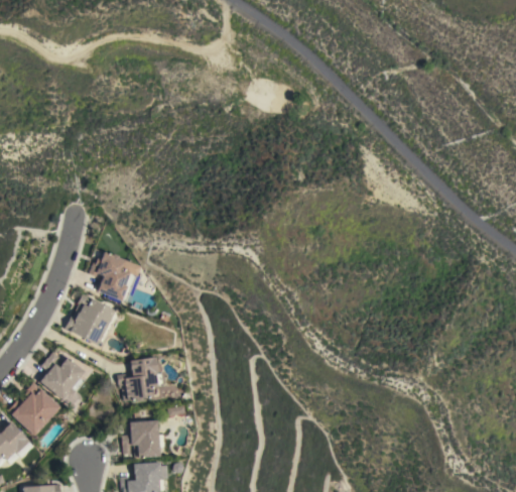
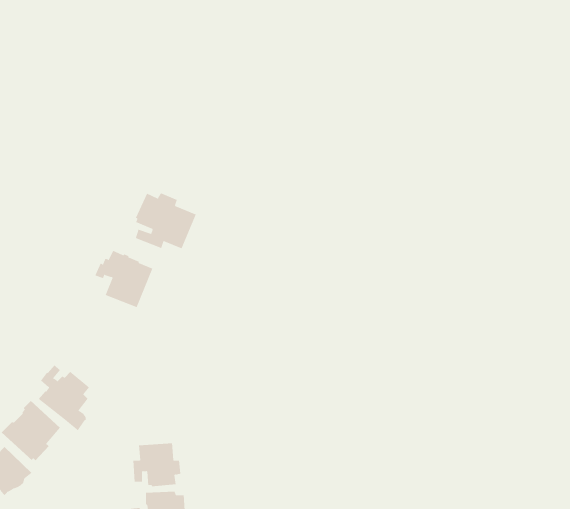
building: none -> [135,192,197,249]
building: [64,293,115,345] -> none
building: [117,357,163,401] -> none

